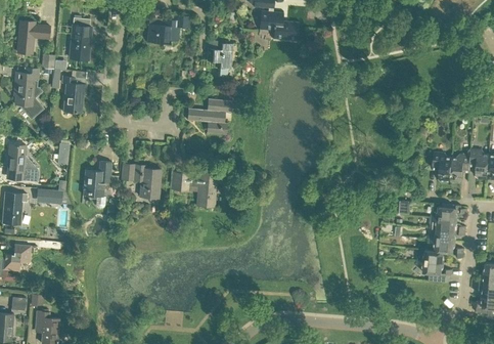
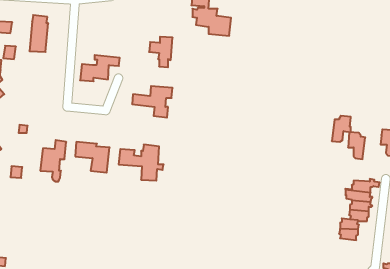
building: [146,14,191,44] -> [80,55,120,81]
building: [62,77,86,114] -> none
building: [448,154,469,183] -> [332,116,351,142]

